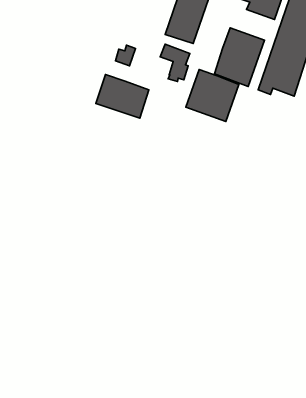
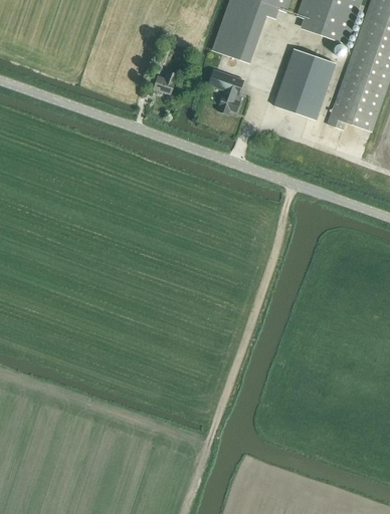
building: [186,69,239,122] -> none
building: [96,75,149,118] -> none

